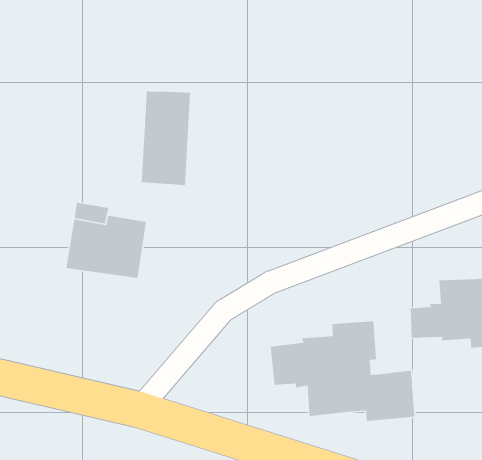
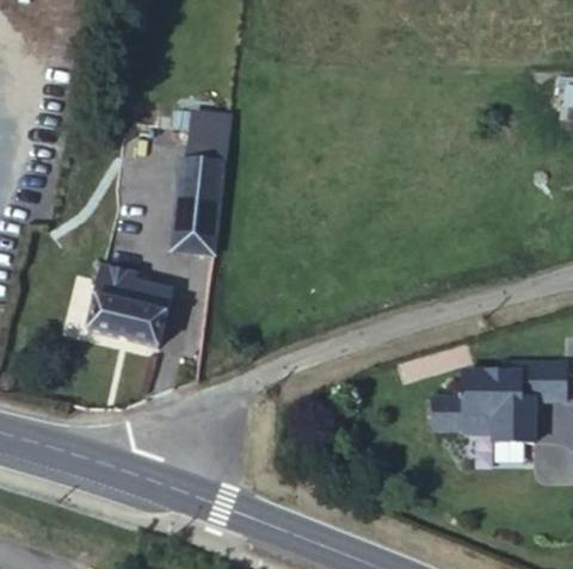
building: none -> [189,110,233,161]
building: [270,320,415,422] -> none

